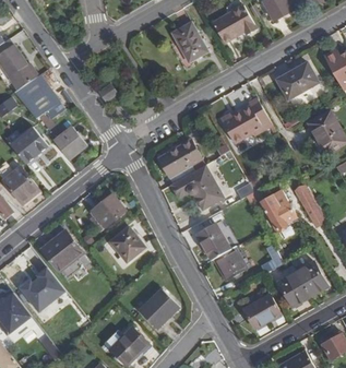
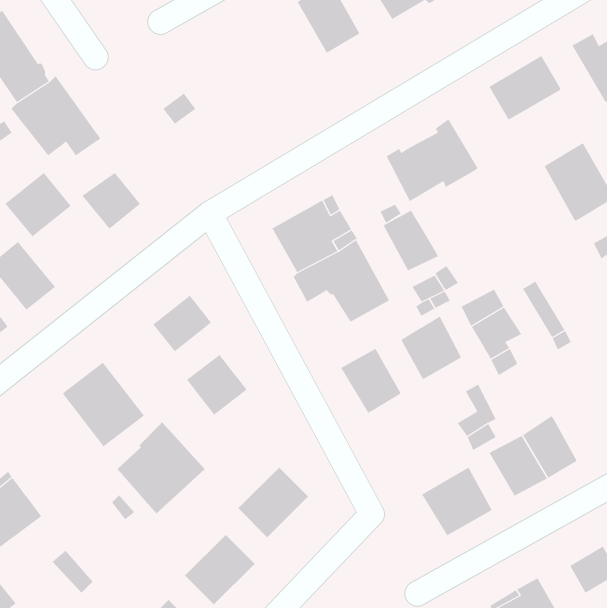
building: none -> [383,210,438,271]
building: [213,246,247,281] -> [401,316,462,379]
building: [13,262,62,313] -> [117,422,206,515]

